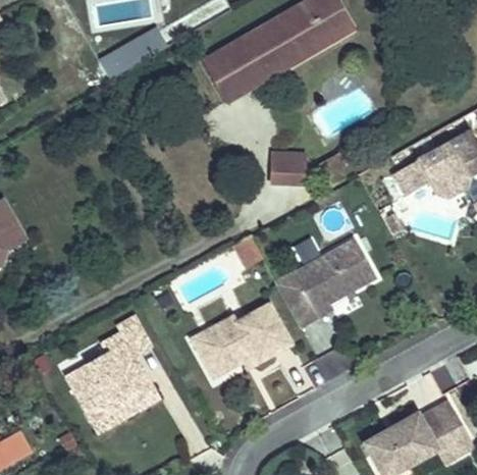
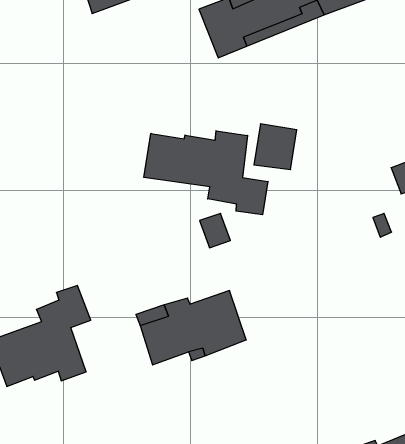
building: none -> [144,131,268,215]
building: [275,239,376,326] -> none
building: [88,393,159,434] -> none

